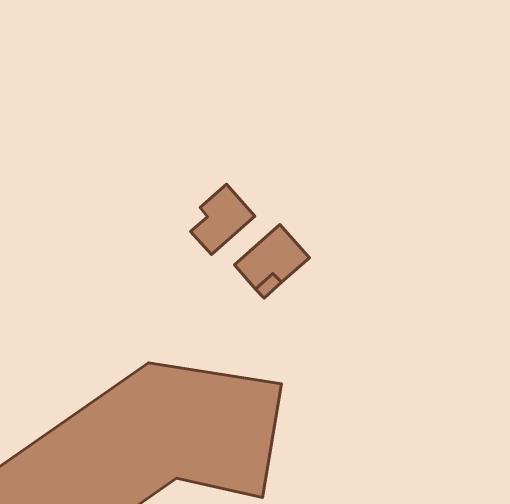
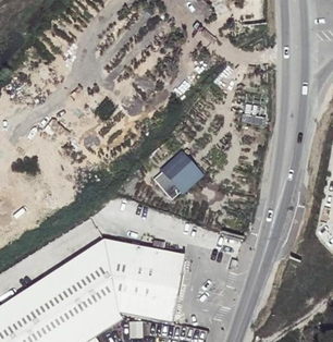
building: [191,184,255,254] -> none

